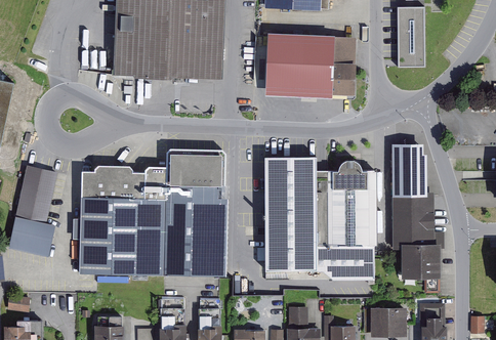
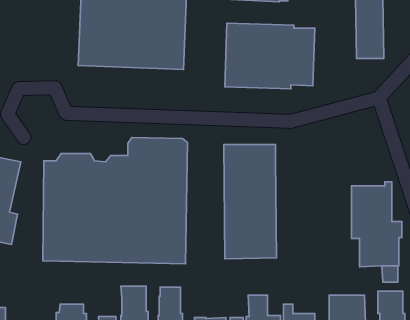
building: [391,143,426,197] -> none
building: [316,158,377,281] -> none

